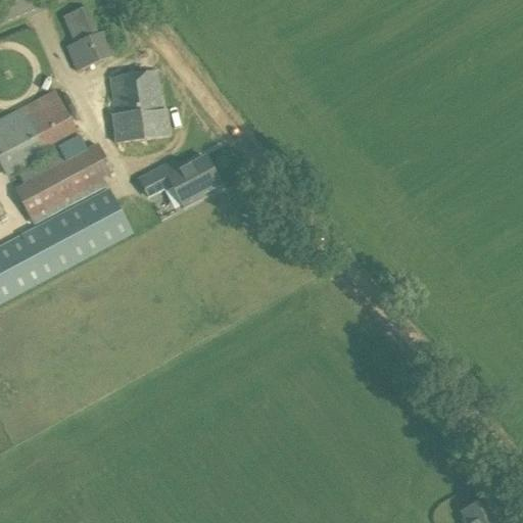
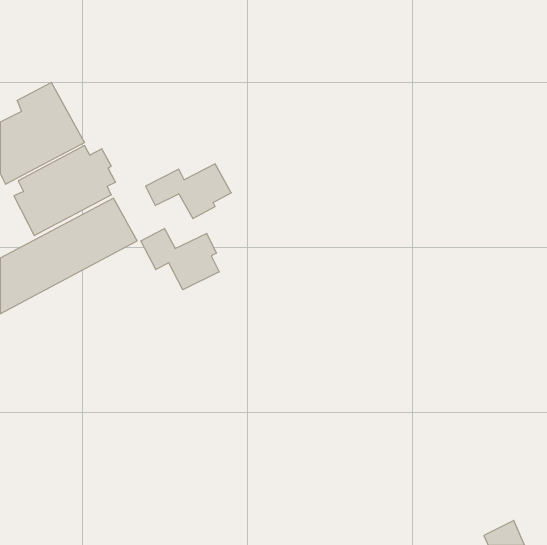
building: [62,5,114,70] -> none
building: [109,69,171,142] -> none
building: none -> [141,228,219,290]

